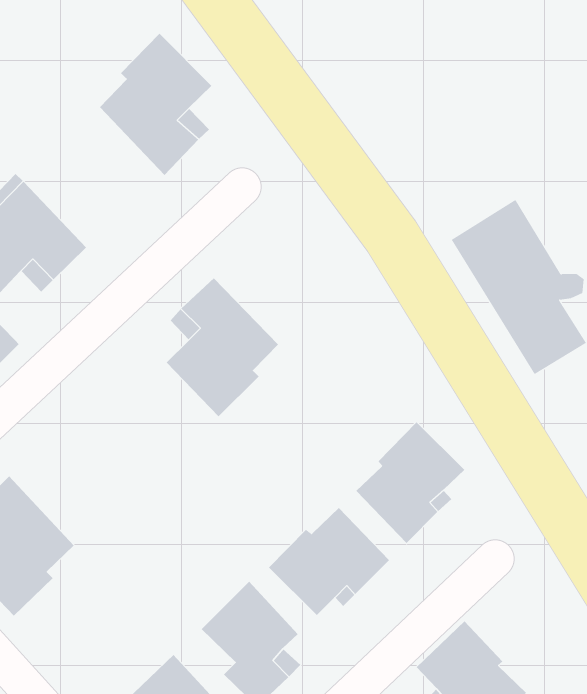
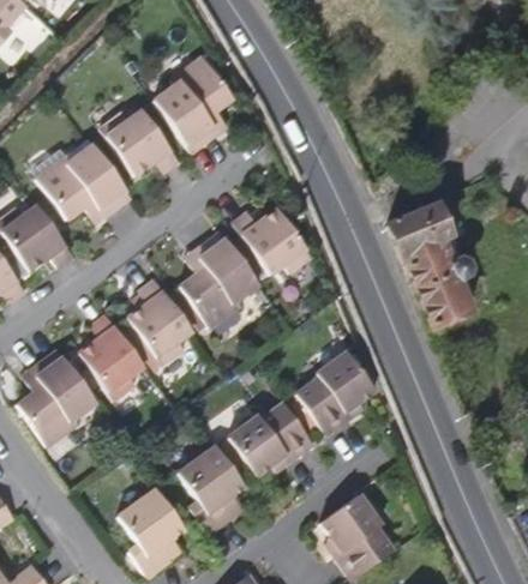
building: none -> [104,109,185,176]
building: none -> [233,206,314,273]
building: none -> [125,277,192,366]
building: none -> [77,312,144,402]

